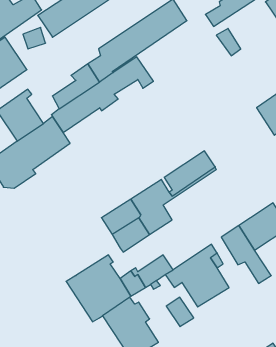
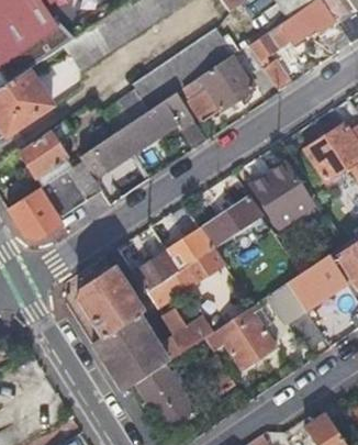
building: none -> [180,45,258,120]
building: none -> [254,162,313,224]
building: none -> [81,270,142,337]

